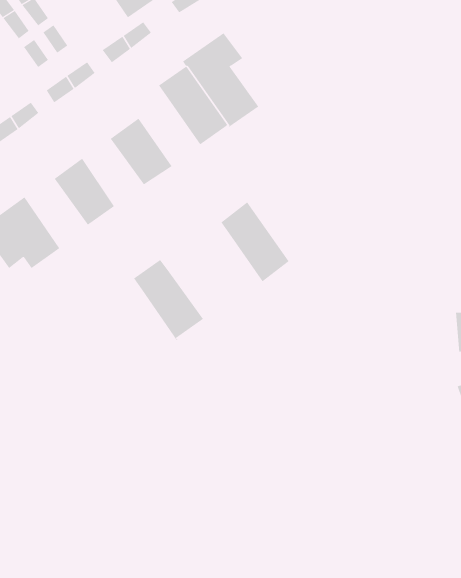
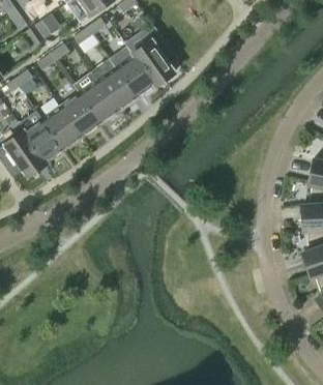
building: none -> [60,93,99,137]
building: [220,202,289,282] -> [91,59,136,111]
building: [133,259,204,341] -> [18,111,63,164]

